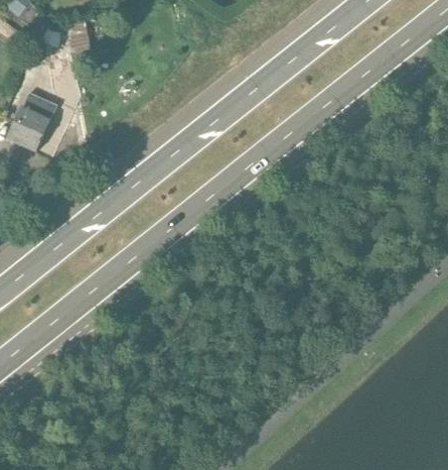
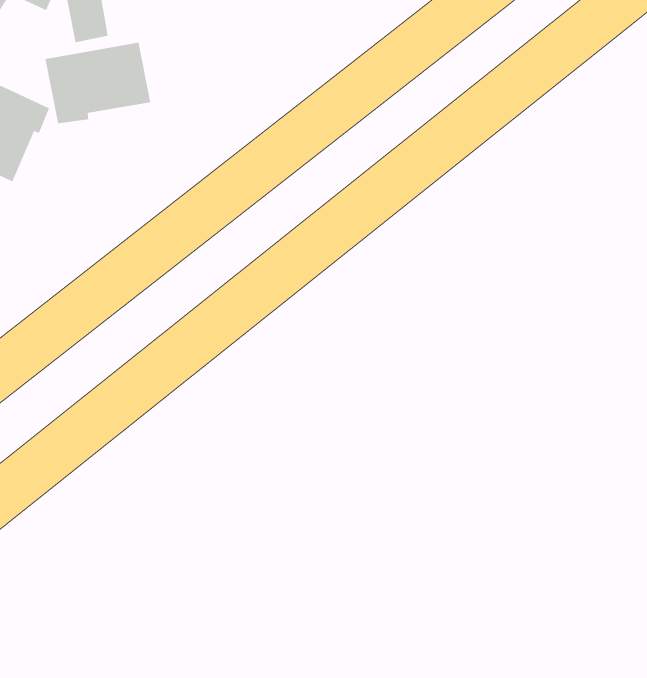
building: none -> [45,42,151,124]

